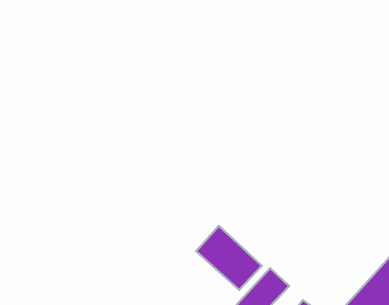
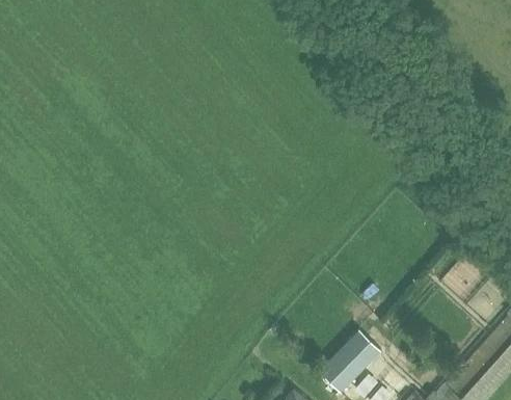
building: [196,226,262,290] -> none

